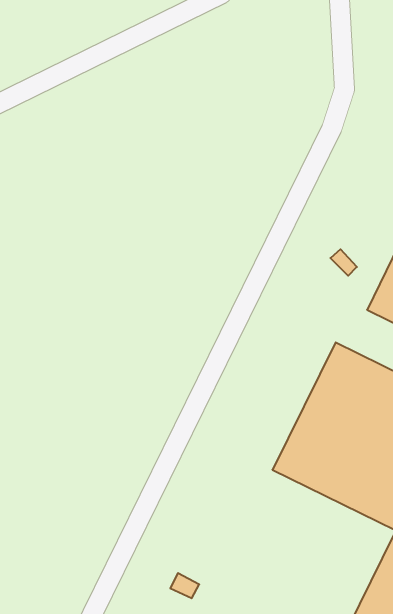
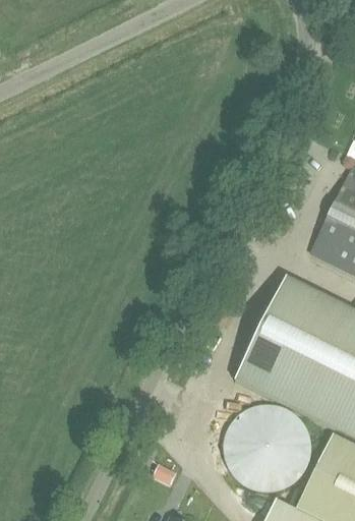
building: none -> [223,405,310,493]

